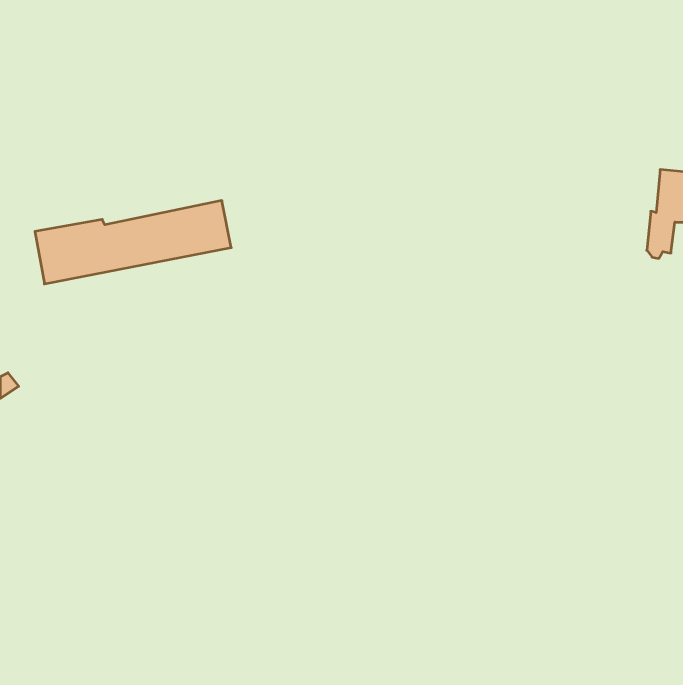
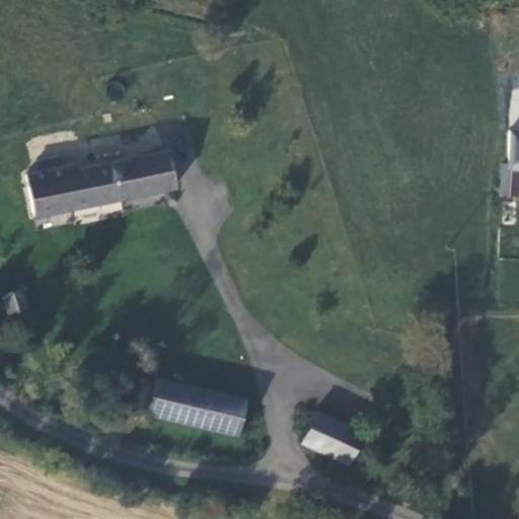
building: none -> [155,386,251,434]
building: none -> [308,419,367,467]

